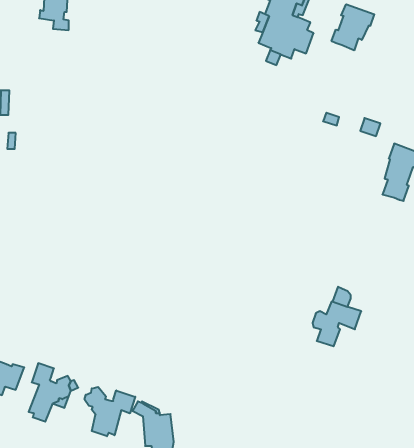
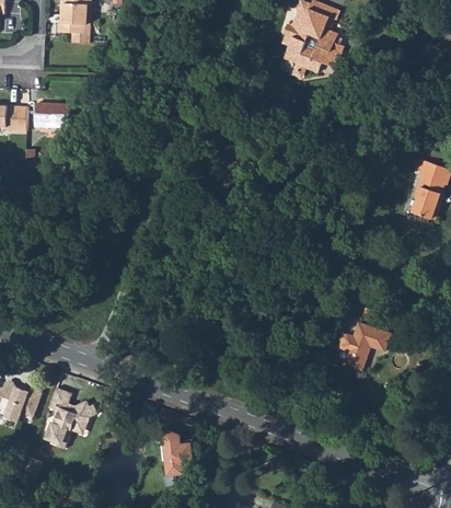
building: [332,4,374,50] -> none
building: none -> [34,103,69,128]
building: [85,387,135,436] -> none

